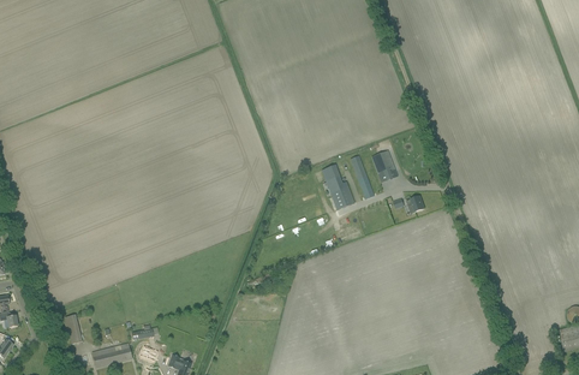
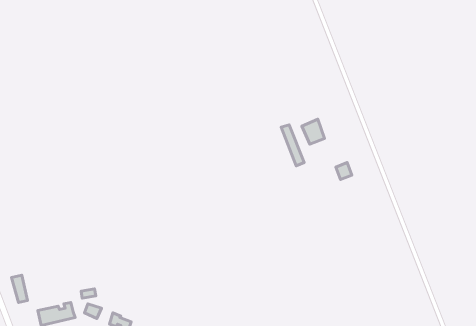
building: [321,165,354,210] -> none

